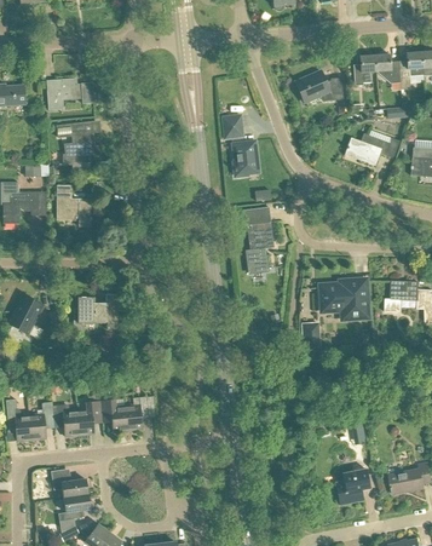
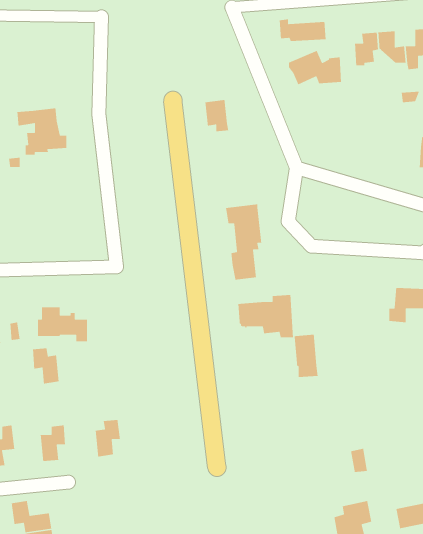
building: none -> [279,19,326,42]
building: [47,77,93,109] -> none
building: [344,132,399,165] -> none
building: [231,139,259,177] -> none
building: [57,185,90,225] -> none
building: [313,278,368,317] -> [232,294,294,338]
building: [103,400,127,431] -> none
building: [54,403,79,436] -> [32,347,60,385]

